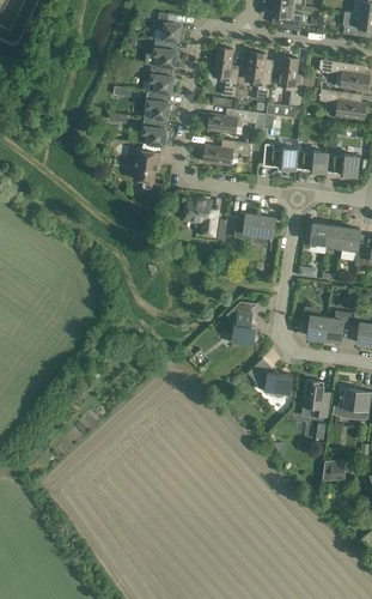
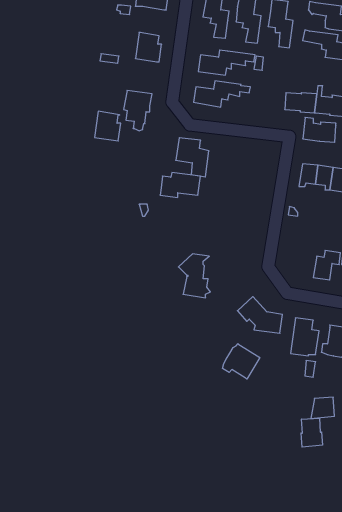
building: [148,65,173,95] -> none
building: [140,117,166,147] -> [95,111,121,141]
building: [262,144,295,169] -> [303,117,336,142]
building: [233,214,274,240] -> [160,173,200,197]
building: [225,302,257,346] -> [178,254,210,298]
building: [301,307,327,339] -> none
building: none -> [222,344,260,379]
building: none -> [301,418,322,447]

